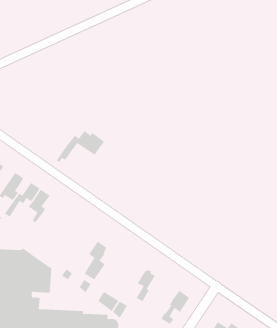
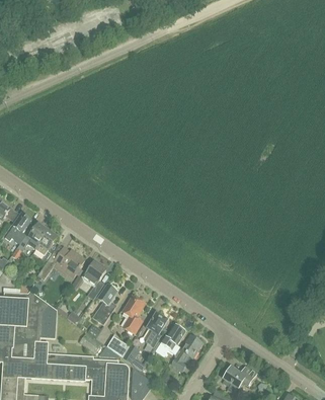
building: [56,130,105,162] -> [33,247,84,281]
building: none -> [81,261,105,299]
building: none -> [123,296,144,333]
building: none -> [155,324,185,354]

